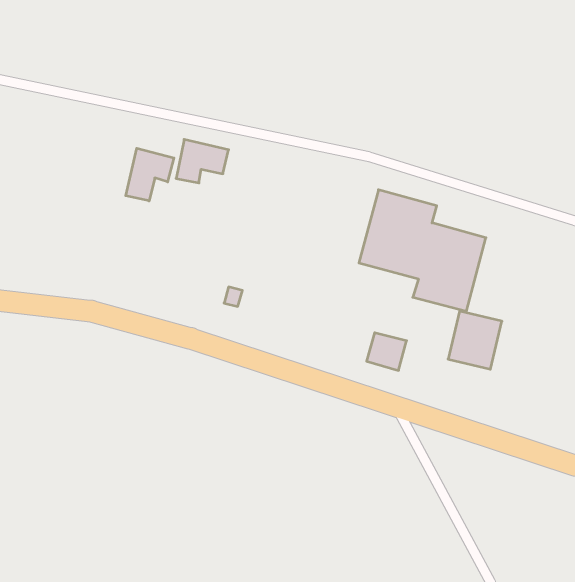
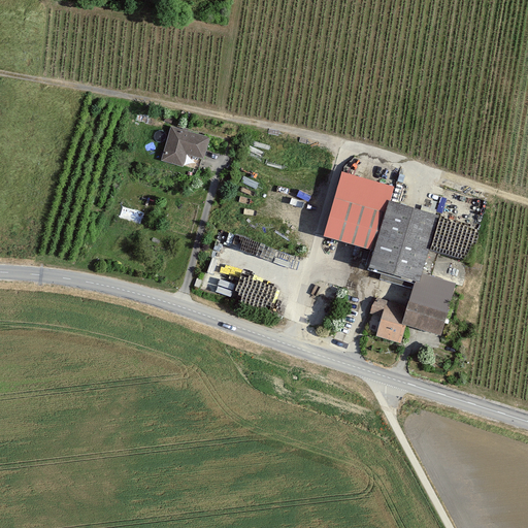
building: [126,148,174,201] -> none
building: [367,333,407,370] -> [368,306,404,340]

